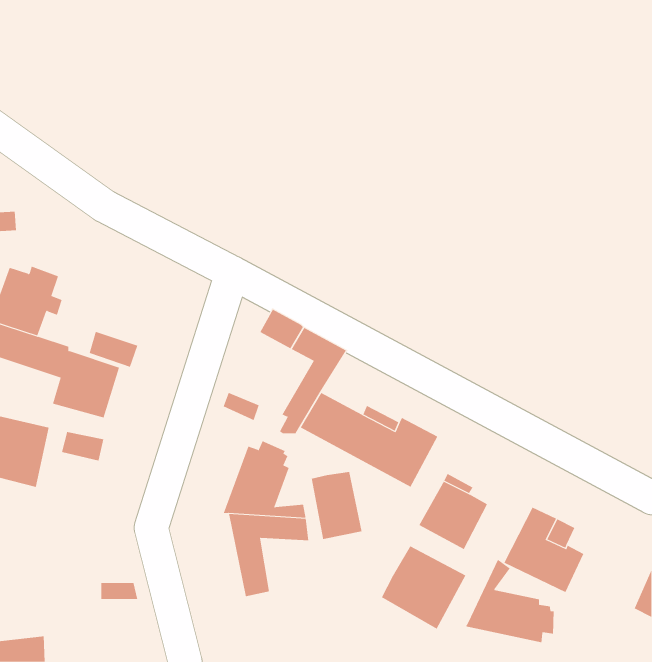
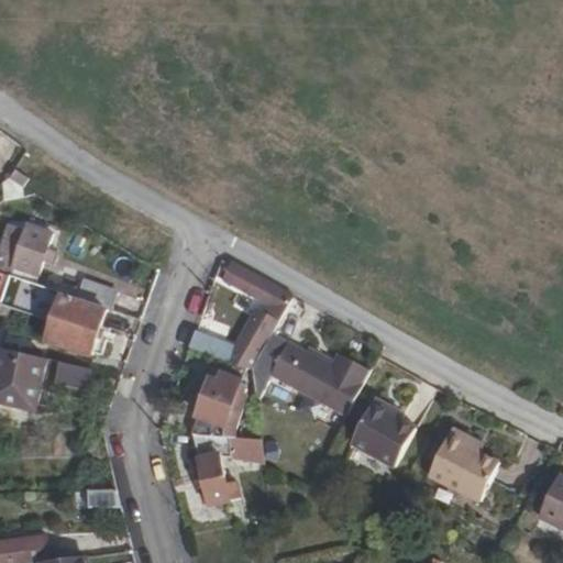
building: [311,471,362,540] -> none
building: [381,545,466,629] -> none
building: [465,559,554,643] -> none

